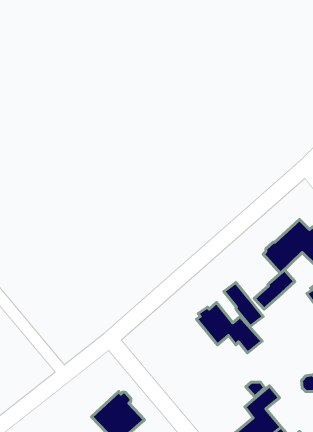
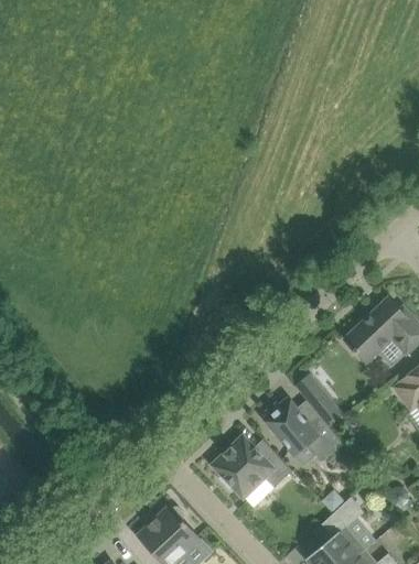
building: [254,270,295,309] -> none
building: none -> [214,438,292,497]

